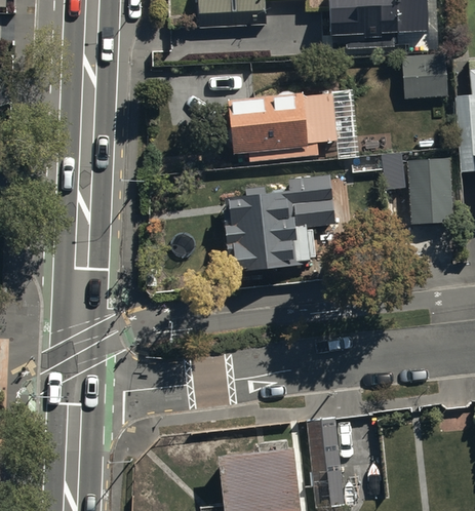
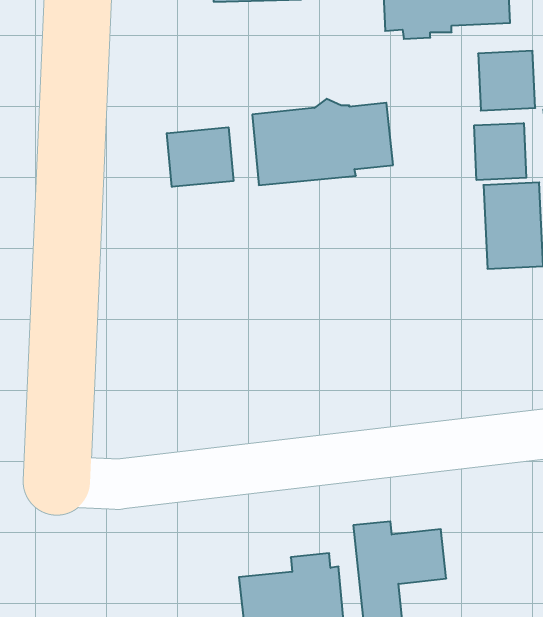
building: none -> [474,123,526,180]
building: none -> [167,127,233,187]
building: [223,183,320,274] -> none

